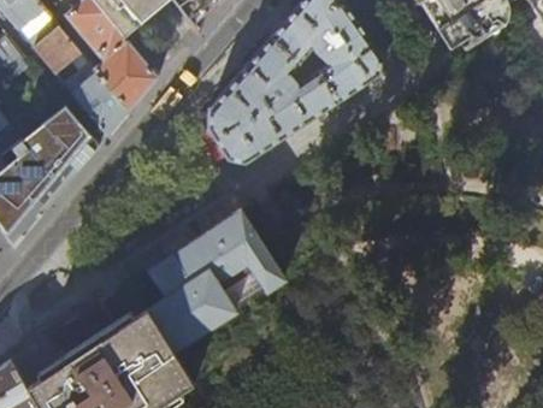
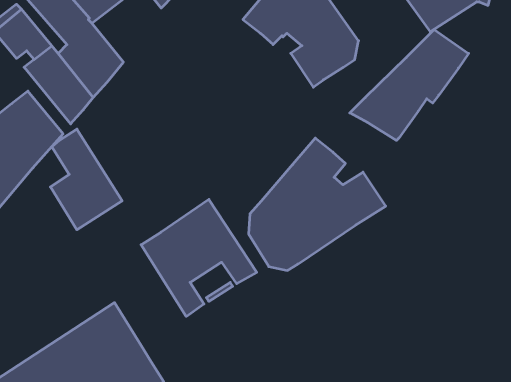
building: [206,36,337,162] -> [249,138,386,270]
building: none -> [350,29,469,140]
building: [147,252,216,348] -> [50,129,122,230]

